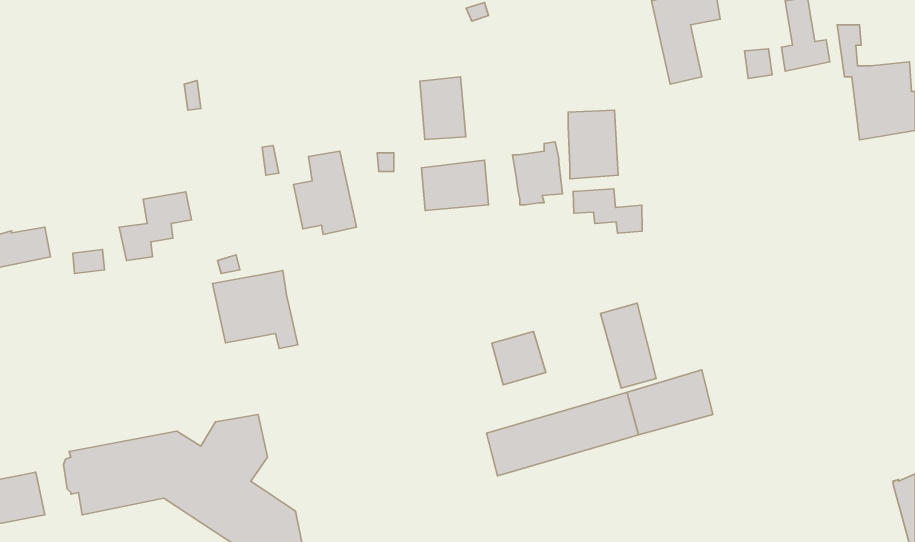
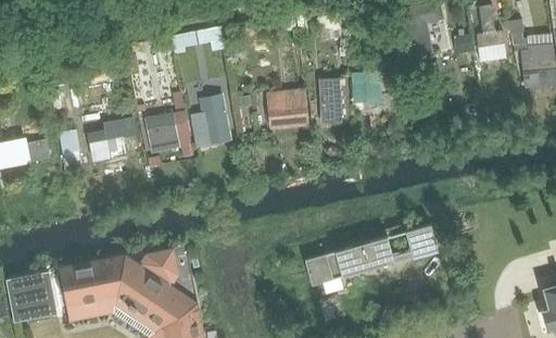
building: [420,77,466,140] -> none
building: [573,189,642,233] -> none
building: [212,271,298,348] -> [142,111,192,157]
building: [601,303,656,388] -> none
building: [492,332,546,385] -> none

